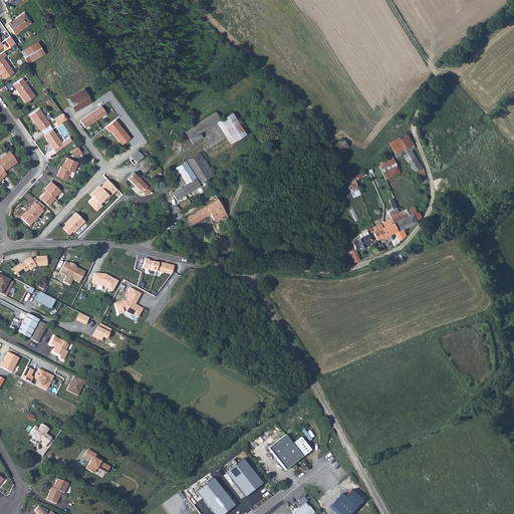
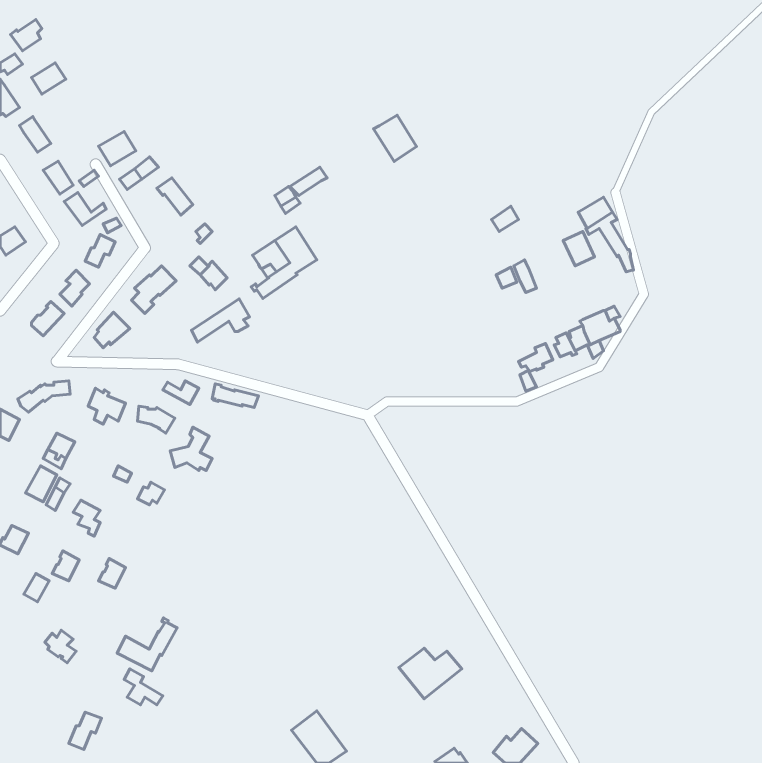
building: [217,112,246,144] -> [373,115,417,162]
building: [186,198,225,227] -> [191,299,250,342]
building: none -> [117,618,177,671]
building: [227,460,263,498] -> none

